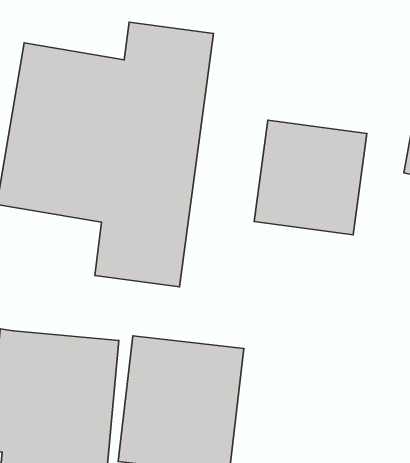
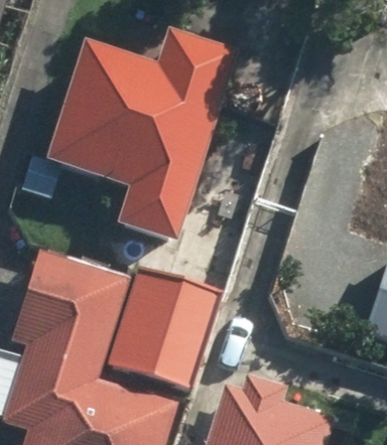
building: [254,120,367,235] -> none

